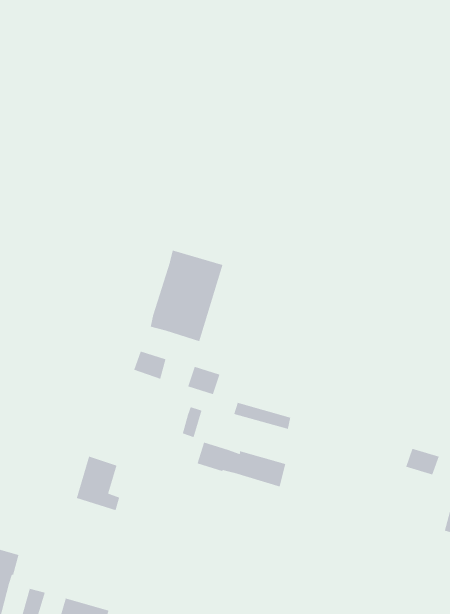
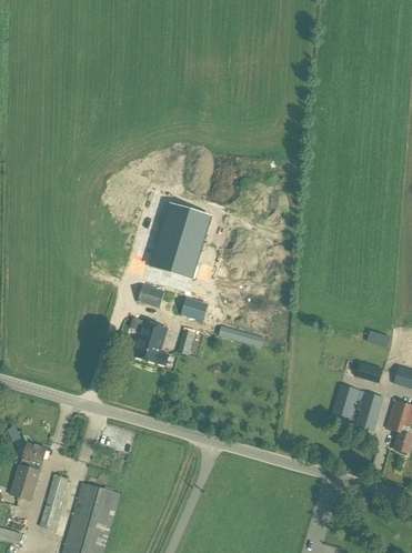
building: [196,442,286,488] -> none
building: [76,456,120,511] -> [133,320,169,364]
building: none -> [330,382,360,423]
building: none -> [354,390,384,431]

